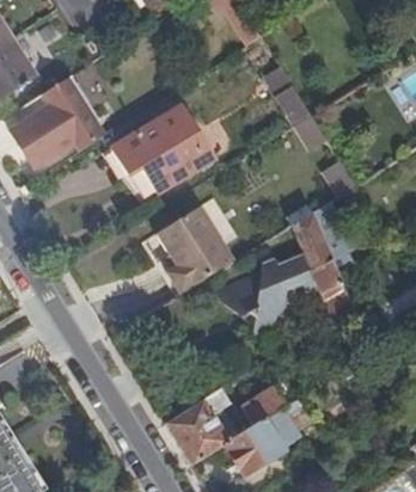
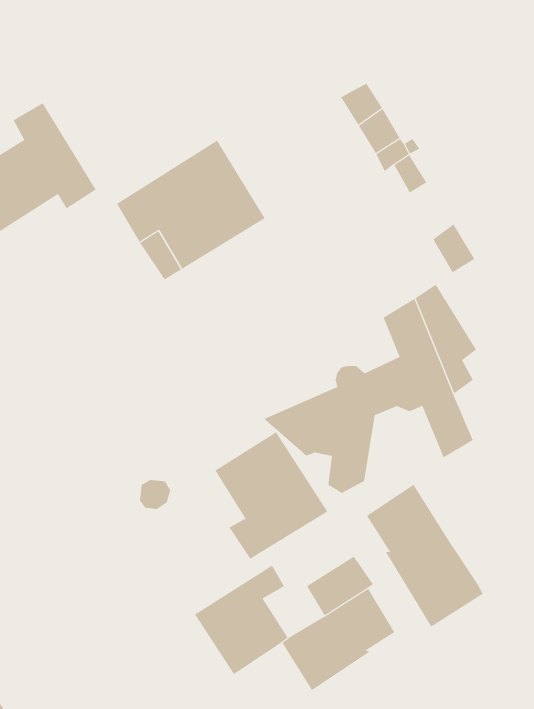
building: [157,207,233,293] -> [214,431,328,559]
building: none -> [366,484,484,628]

